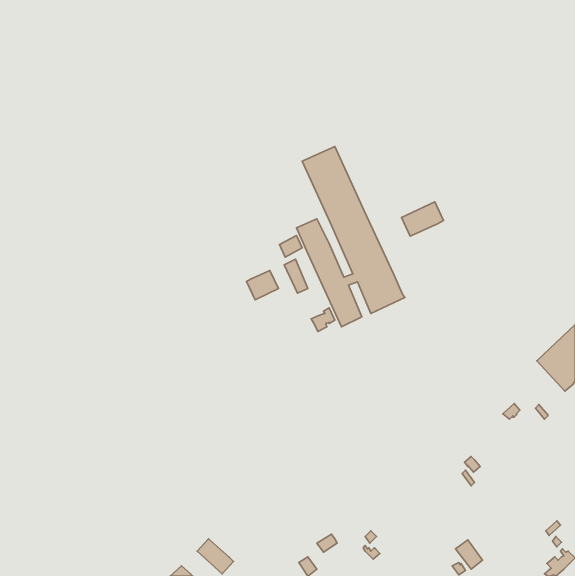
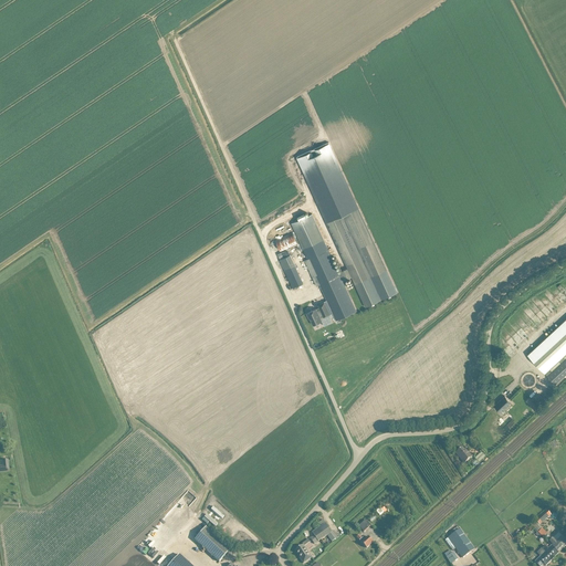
building: [402,202,444,236] -> none
building: [246,270,278,300] -> none

